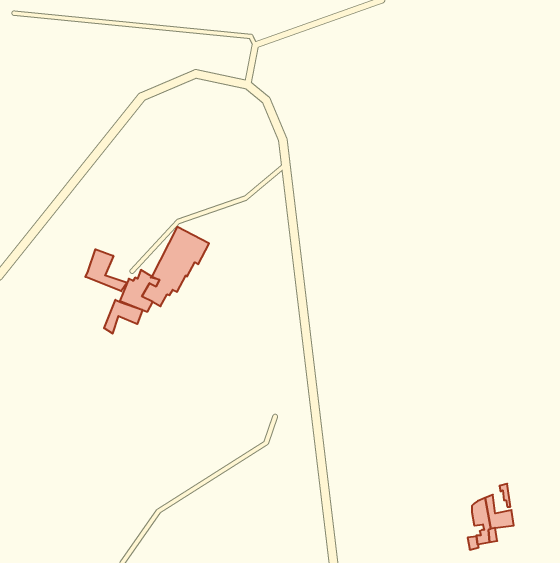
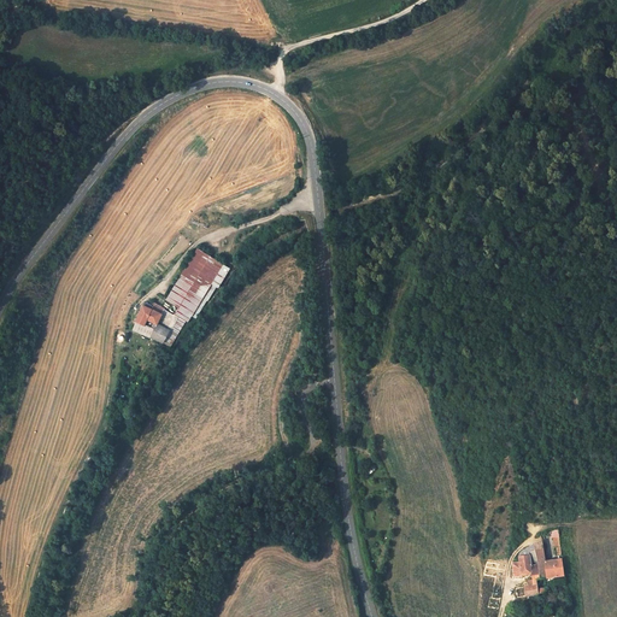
building: [85,249,127,291] -> none
building: [104,300,142,334] -> none

